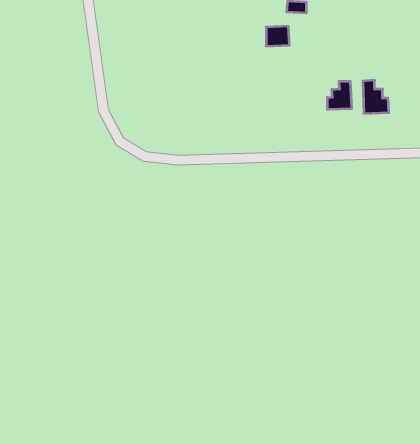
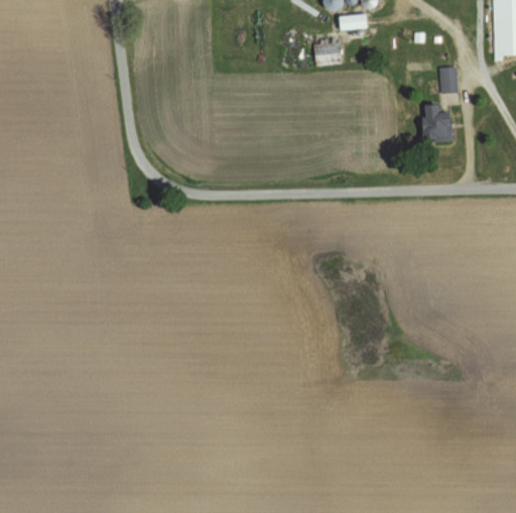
building: none -> [440,66,459,92]
building: [327,81,351,110] -> none

